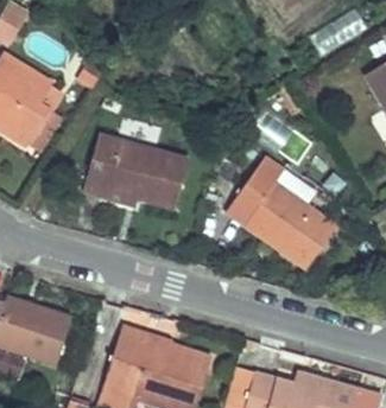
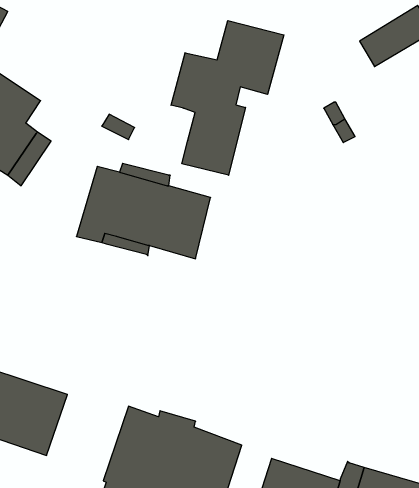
building: none -> [171,21,284,175]
building: [224,157,335,268] -> none

